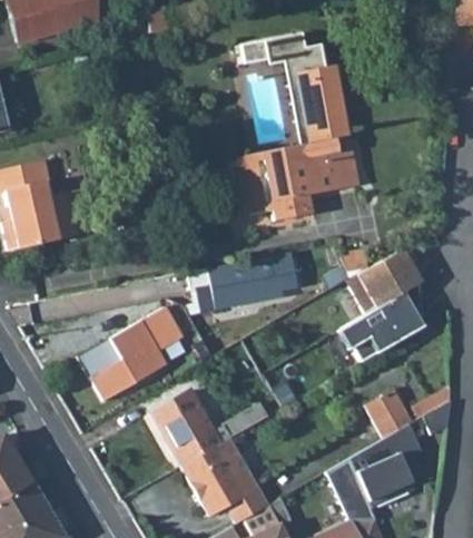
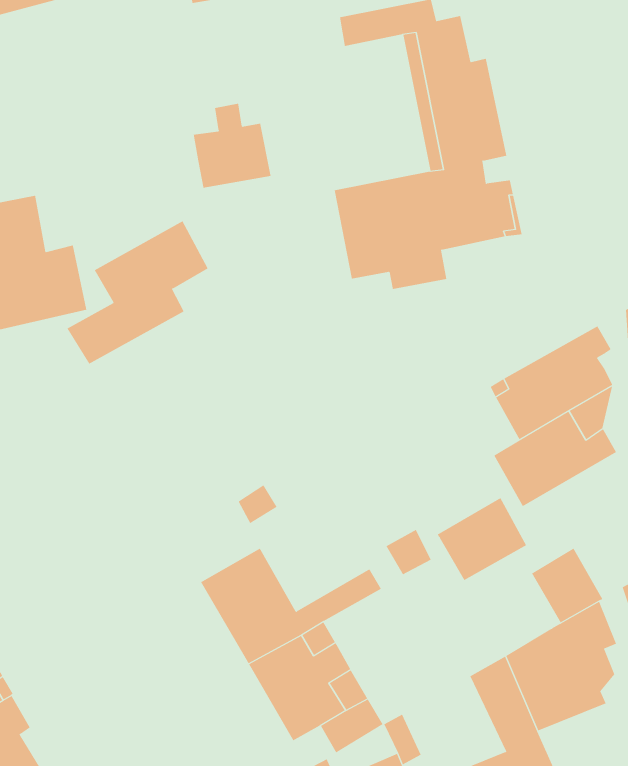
building: none -> [193,103,271,189]
building: [188,252,298,310] -> none
building: [89,307,181,401] -> [66,221,209,364]
building: none -> [437,497,527,581]

